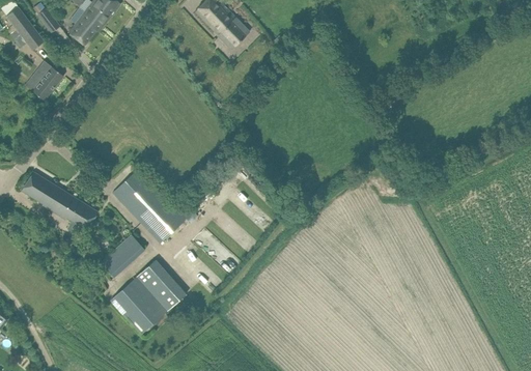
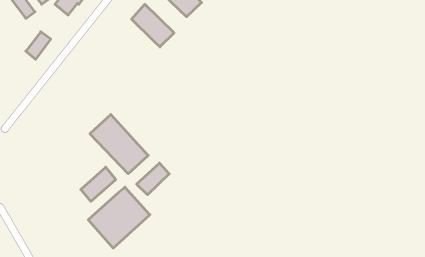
building: none -> [132,4,174,47]
building: [21,172,97,229] -> none
building: none -> [137,163,169,195]

